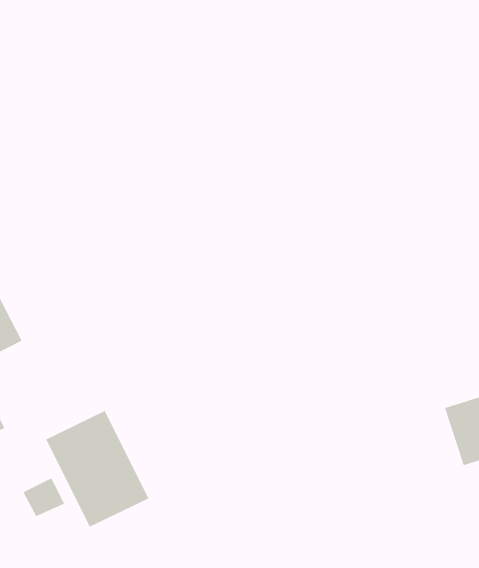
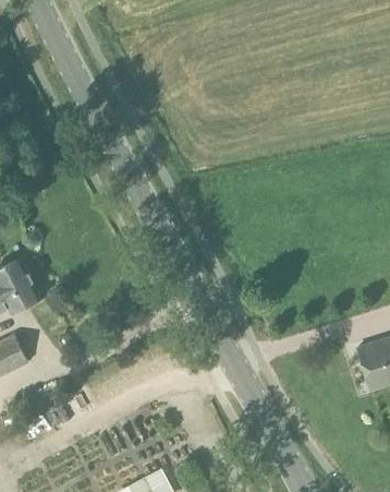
building: [45,410,149,528] -> none

